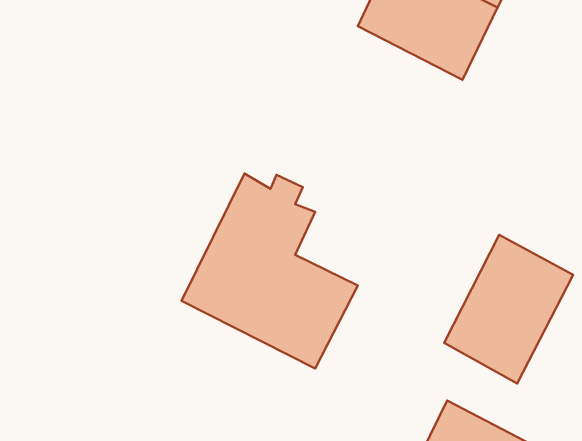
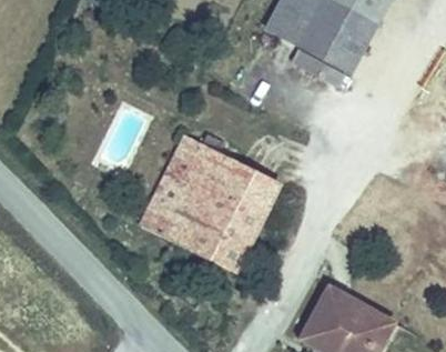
building: none -> [223,159,283,212]
building: [444,235,573,383] -> none

